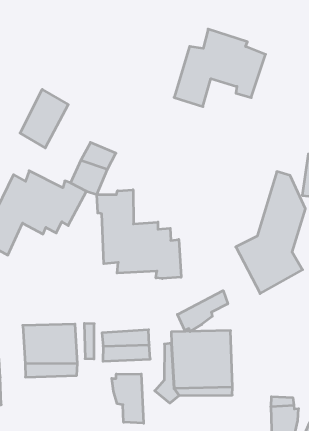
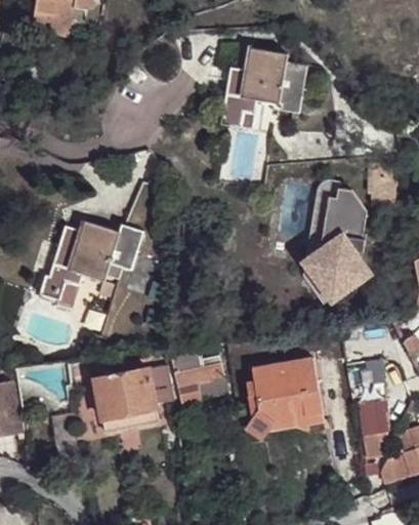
building: [20,89,68,148] -> none
building: [97,190,181,279] -> none
building: [177,291,228,332] -> none
building: [112,374,144,423] -> none

